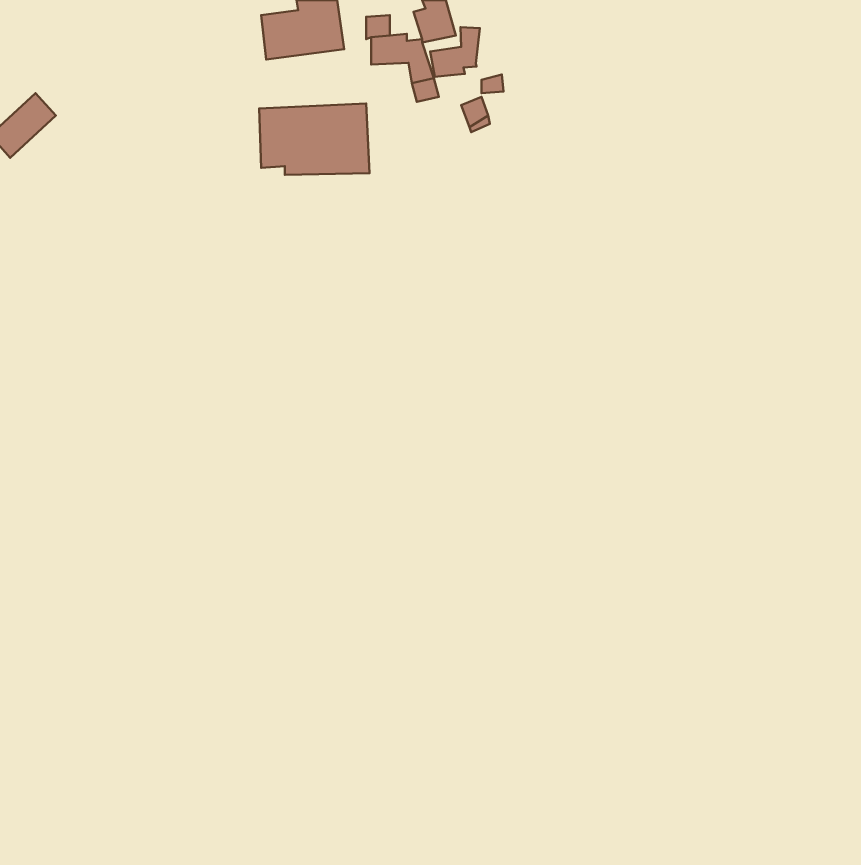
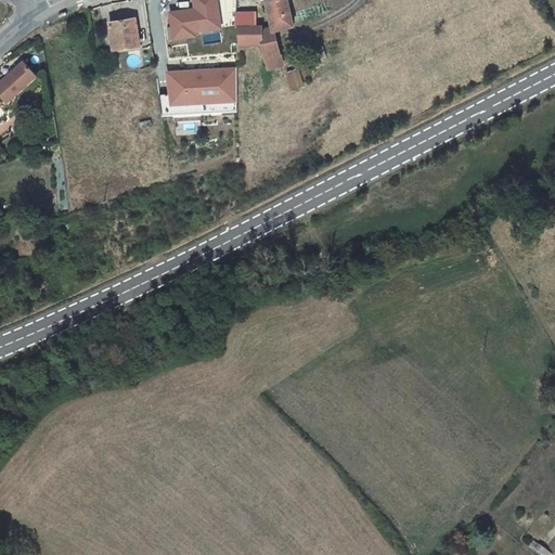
building: [430,27,480,77] -> none
building: none -> [114,21,142,48]

